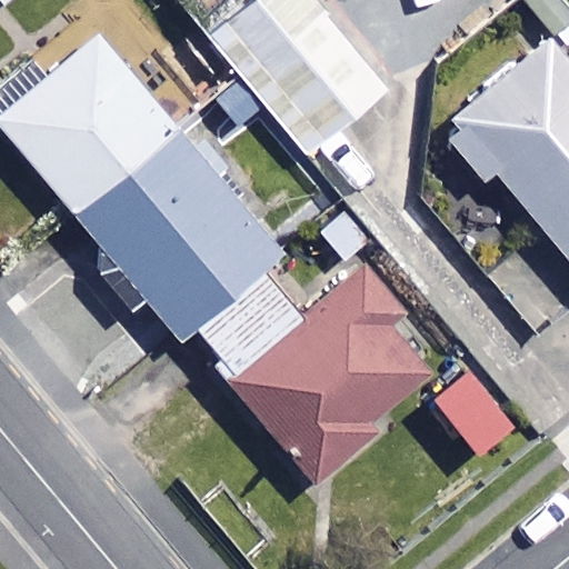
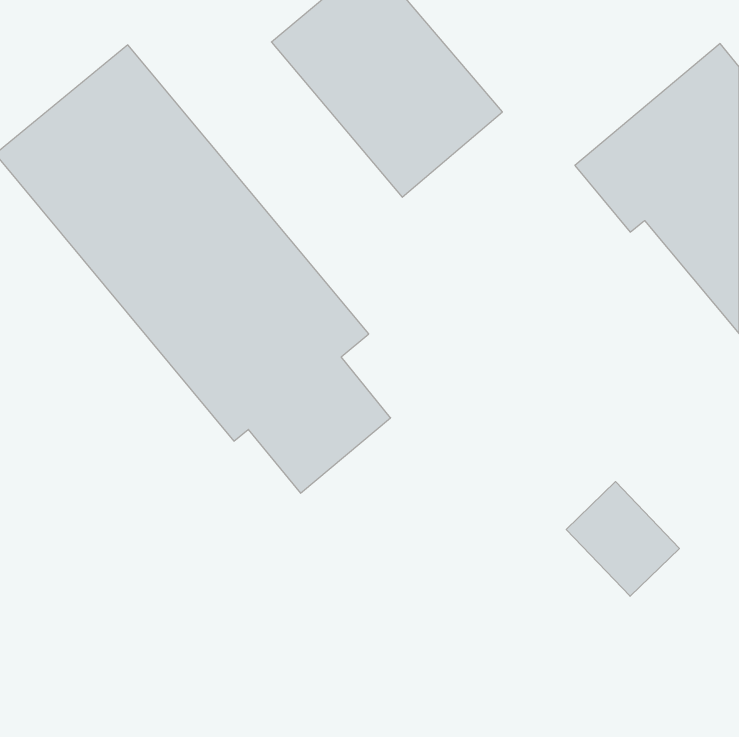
building: [230,266,450,480] -> none

